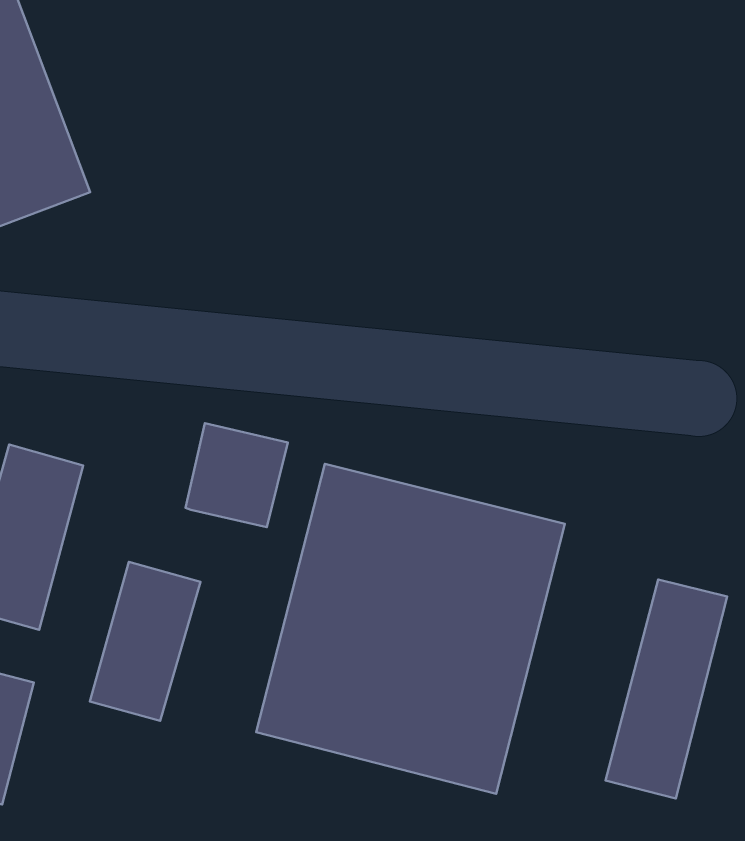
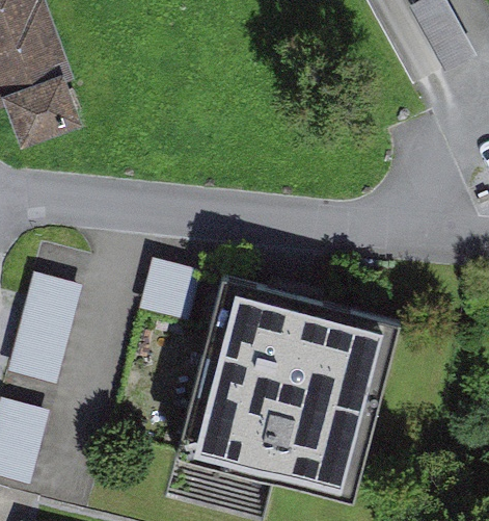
building: [90,562,201,721] -> none
building: [605,579,727,798] -> none

